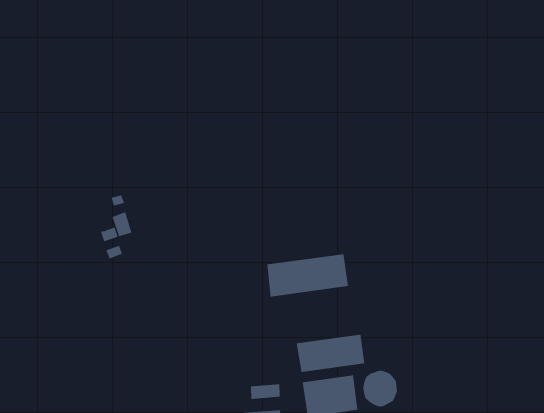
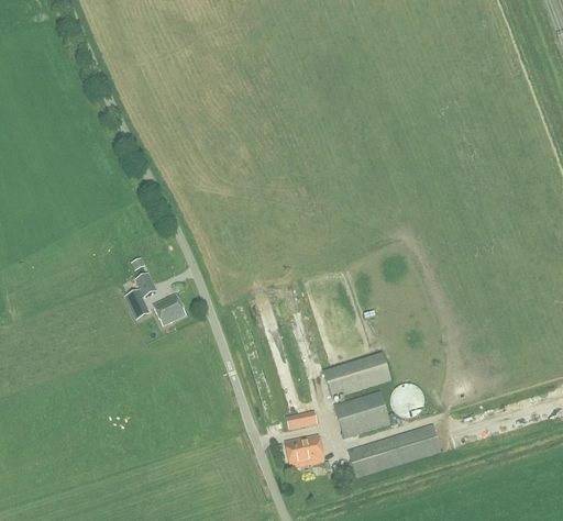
building: none -> [153,293,186,325]
building: [267,254,349,297] -> none

